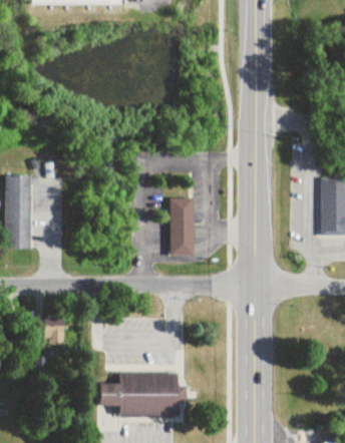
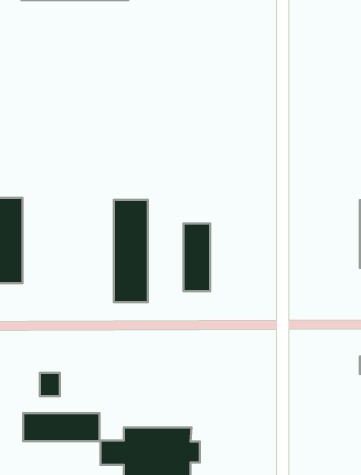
building: none -> [114,200,148,302]
building: none -> [23,413,99,441]

